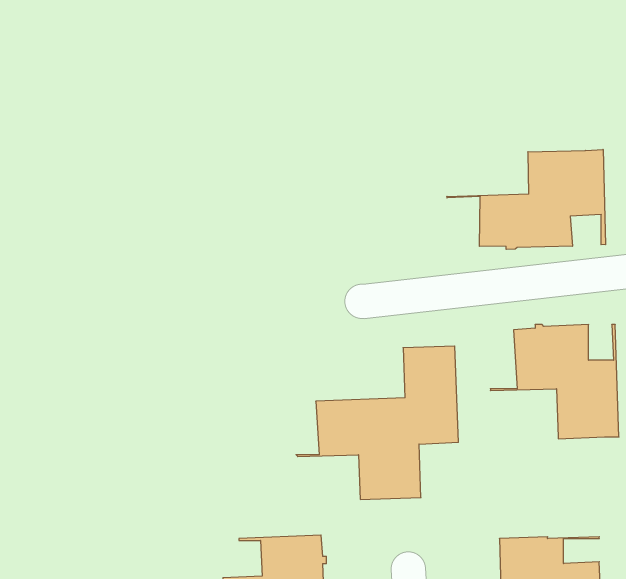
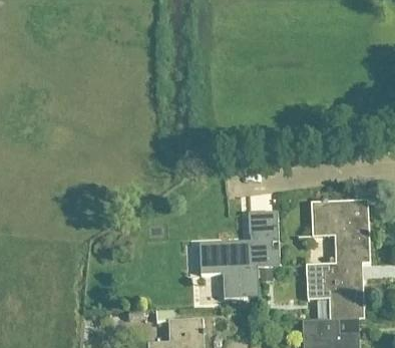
building: [447,149,606,249] -> none
building: none -> [305,263,365,320]

